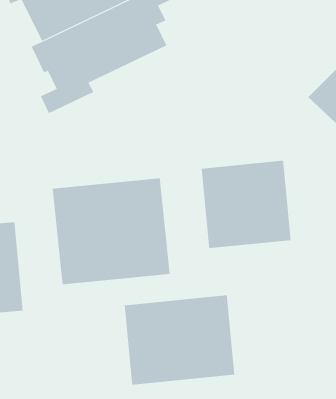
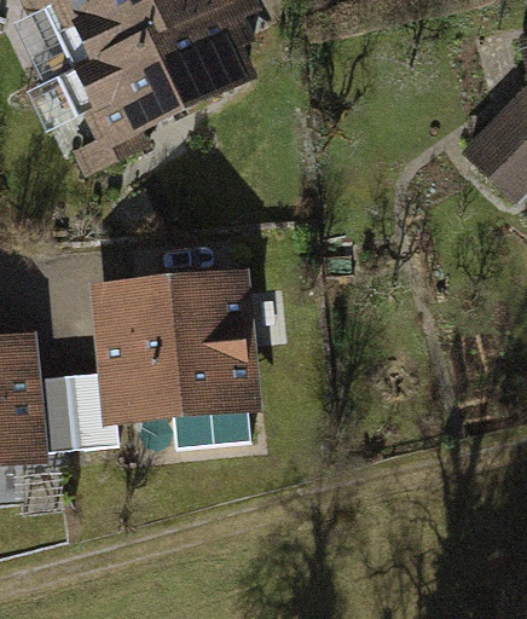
building: [201,160,291,249] -> none
building: [124,295,235,385] -> none

